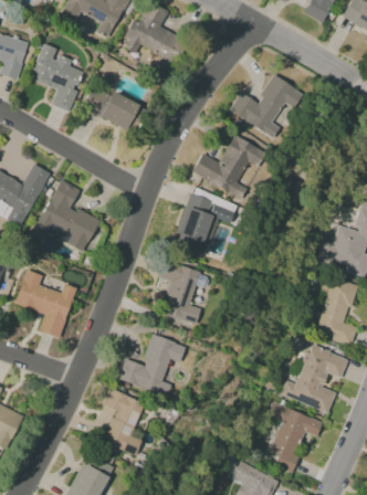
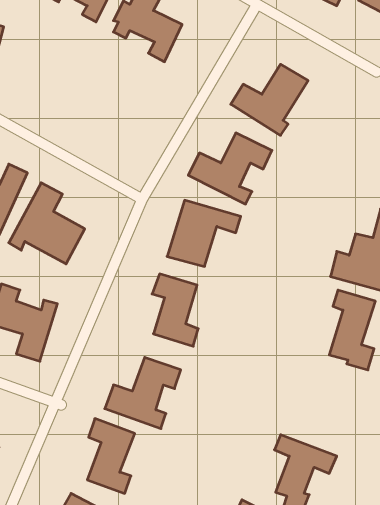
building: [29,43,84,113] -> none
building: [82,84,144,133] -> none
building: [281,345,348,413] -> none

